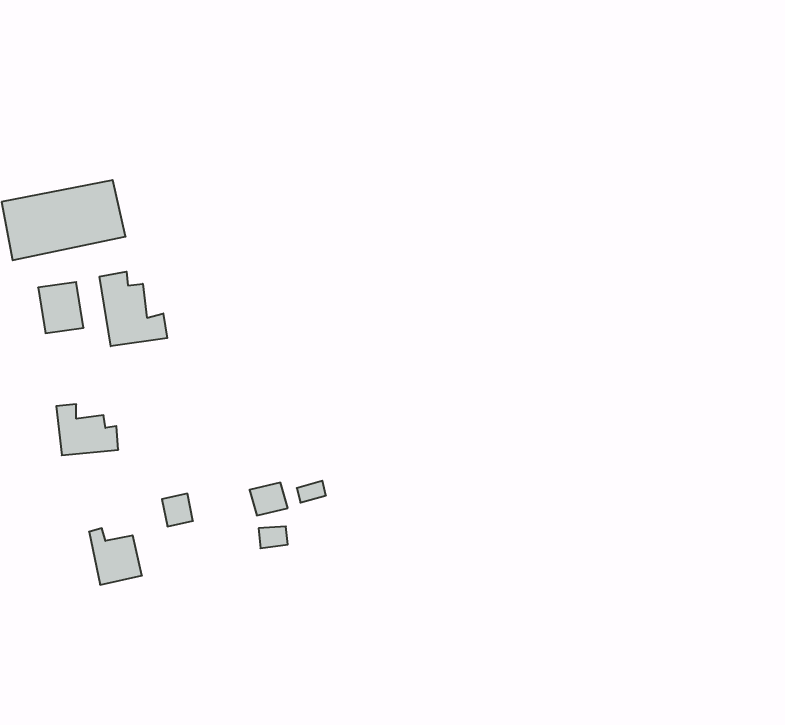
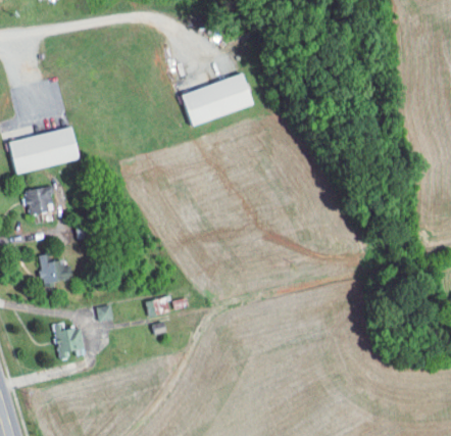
building: none -> [182,75,254,126]
building: [100,272,167,346] -> none

